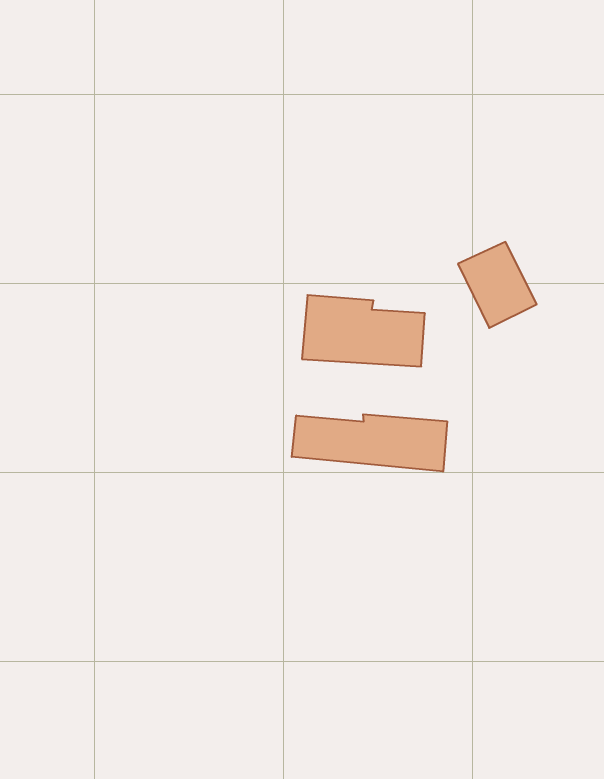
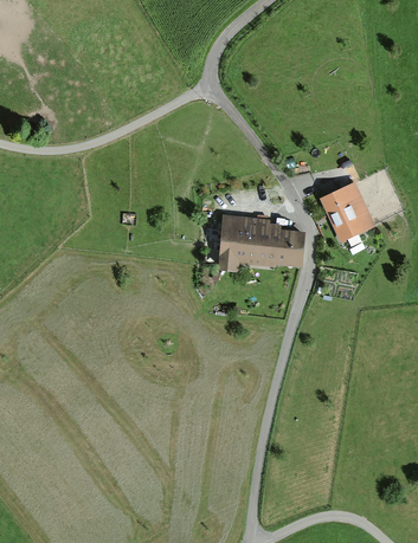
building: [292,414,447,472] -> none

